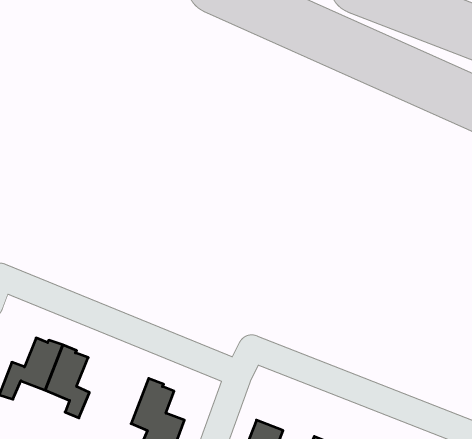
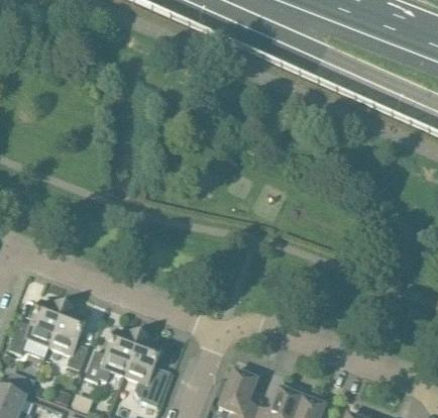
building: none -> [84,329,138,382]

